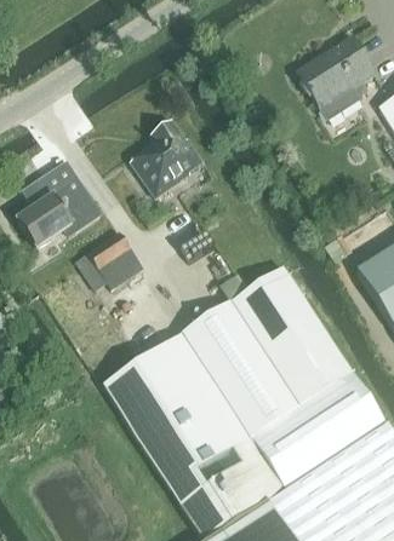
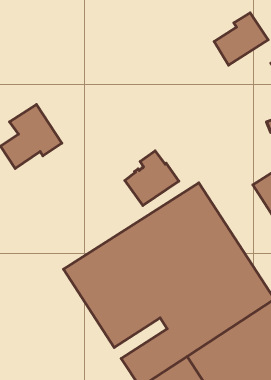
building: [131,120,204,194] -> [125,151,179,206]
building: [86,229,143,288] -> none

